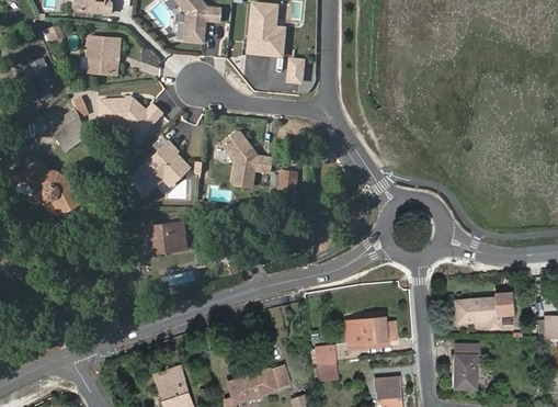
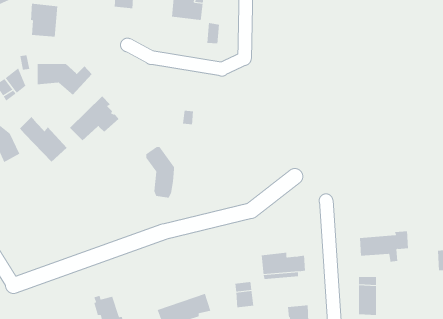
building: [224,132,257,190] -> [146,146,175,198]
building: none -> [19,116,67,163]
building: [276,169,296,199] -> none
building: [147,224,184,255] -> none

